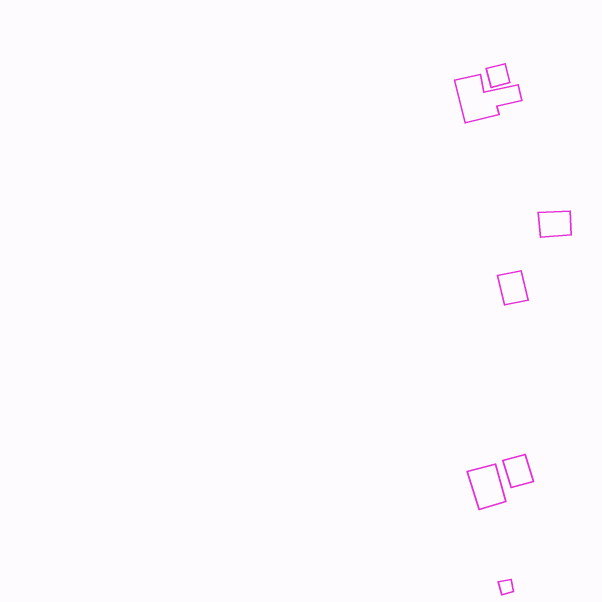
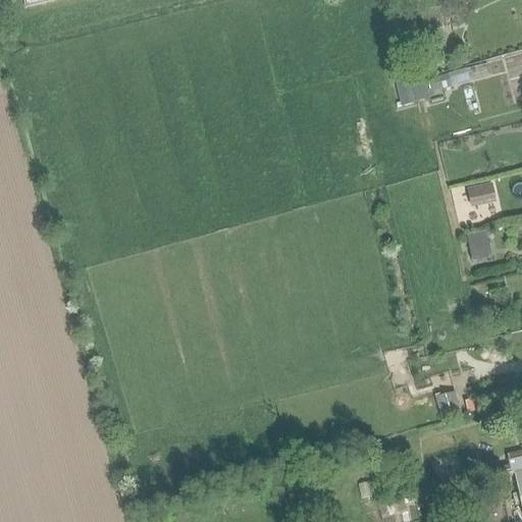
building: [497,271,528,305] -> [467,231,493,261]
building: [467,464,506,510] -> none

